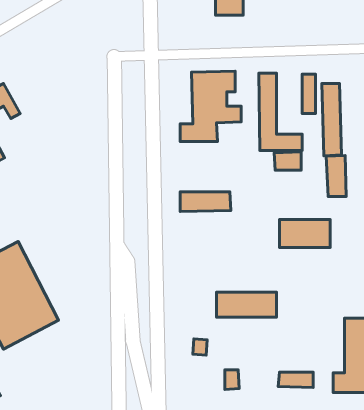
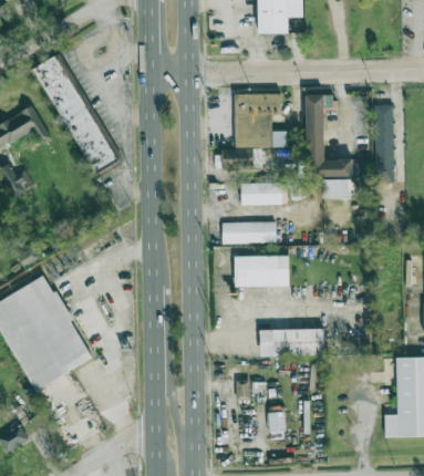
building: none -> [33,54,120,173]
building: [326,155,346,197] -> none
building: none -> [241,183,282,205]
building: [279,220,330,248] -> [235,256,289,286]
building: [278,372,313,387] -> none

